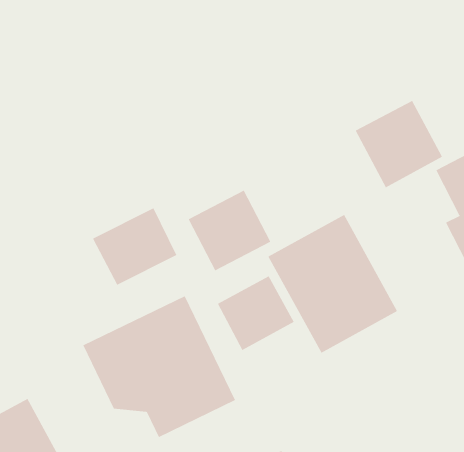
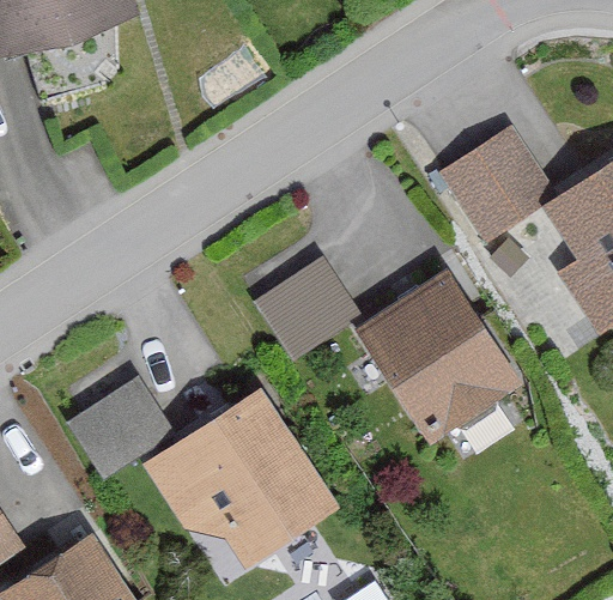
building: [92,208,177,285] -> [71,374,174,471]
building: [217,276,294,351] -> none

